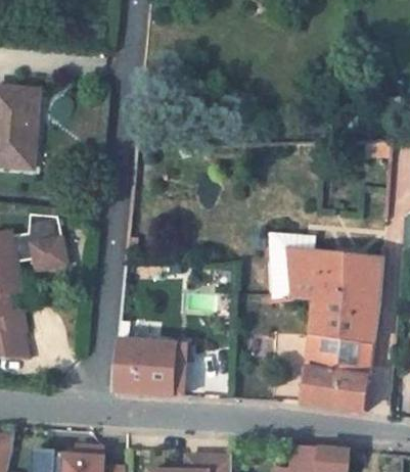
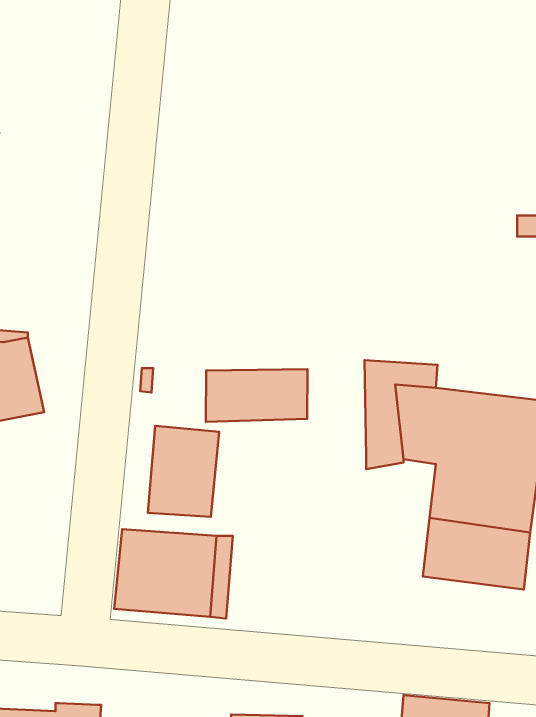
building: none -> [206,369,307,422]
building: none -> [148,426,219,517]
building: [302,370,369,412] -> none

